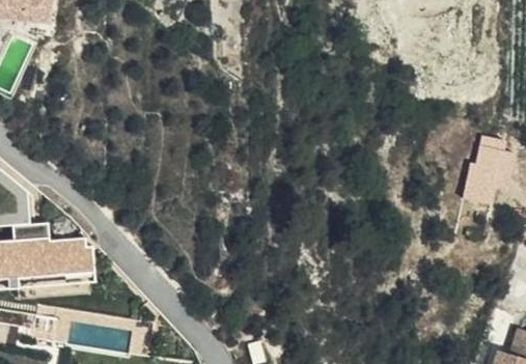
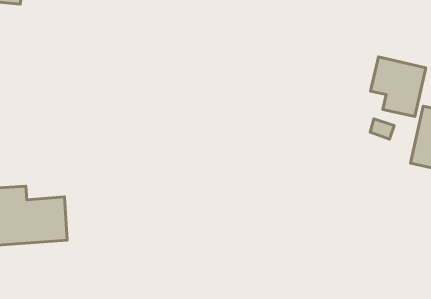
building: none -> [370,57,426,117]

